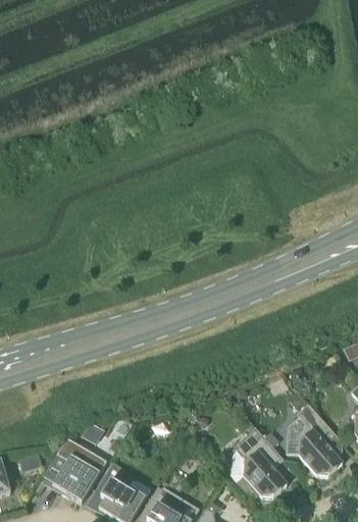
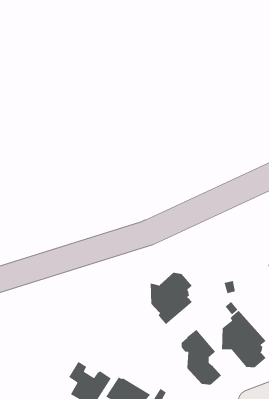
building: none -> [150,272,193,325]
building: [43,436,108,504] -> none

